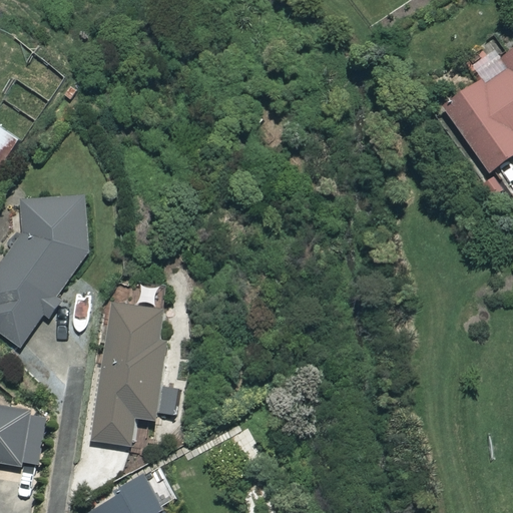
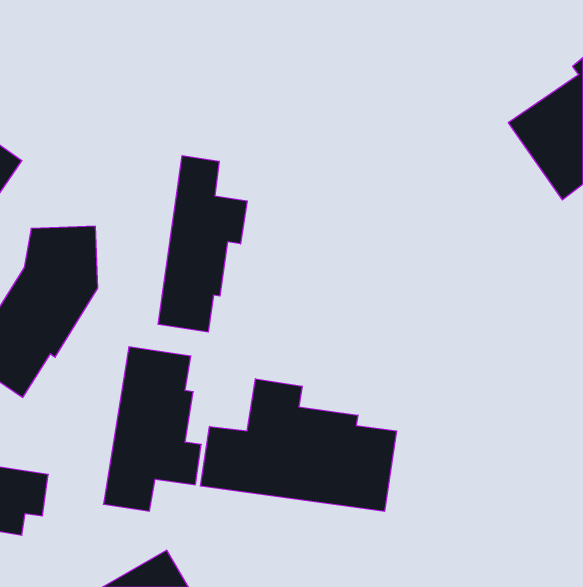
building: none -> [158,156,247,332]
building: none -> [201,379,397,511]

